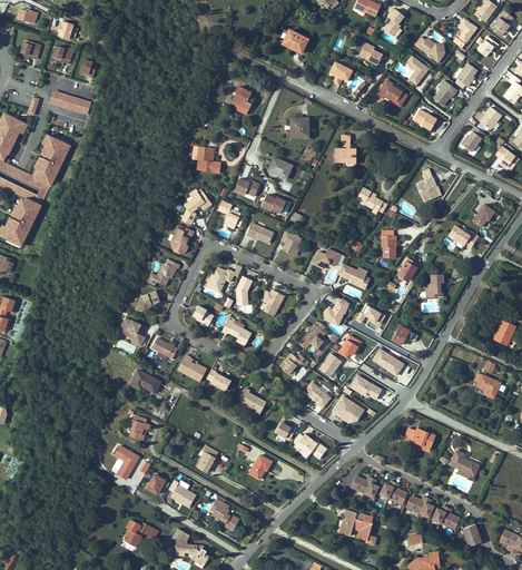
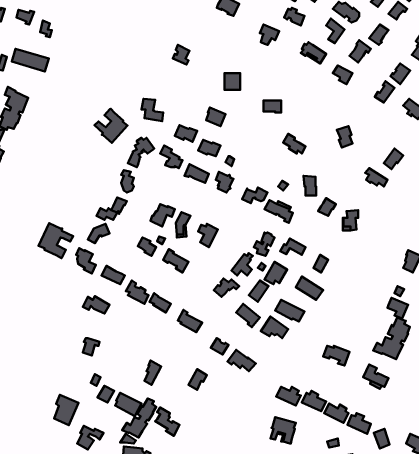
building: none -> [94,109,128,143]
building: none -> [38,223,73,258]
building: none -> [373,318,410,359]
building: [110,446,138,481] -> [54,395,79,425]
building: none -> [122,398,156,437]

